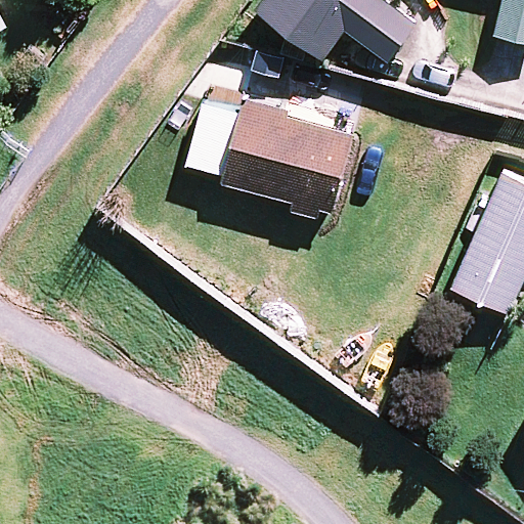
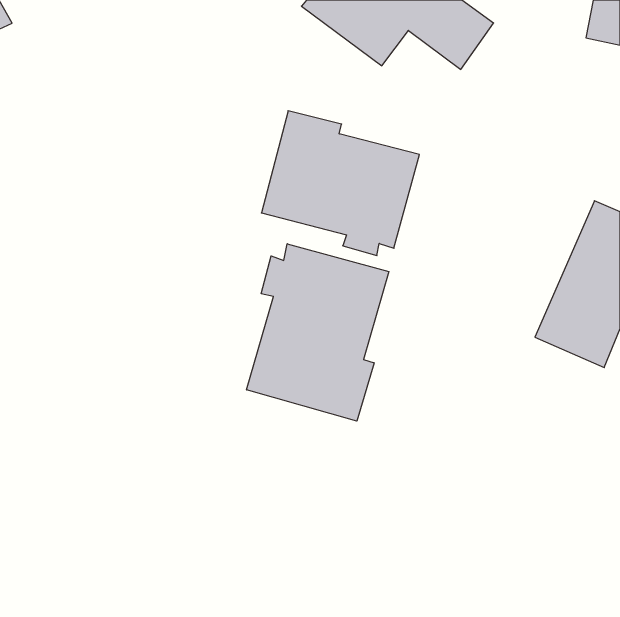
building: none -> [247,244,389,421]

